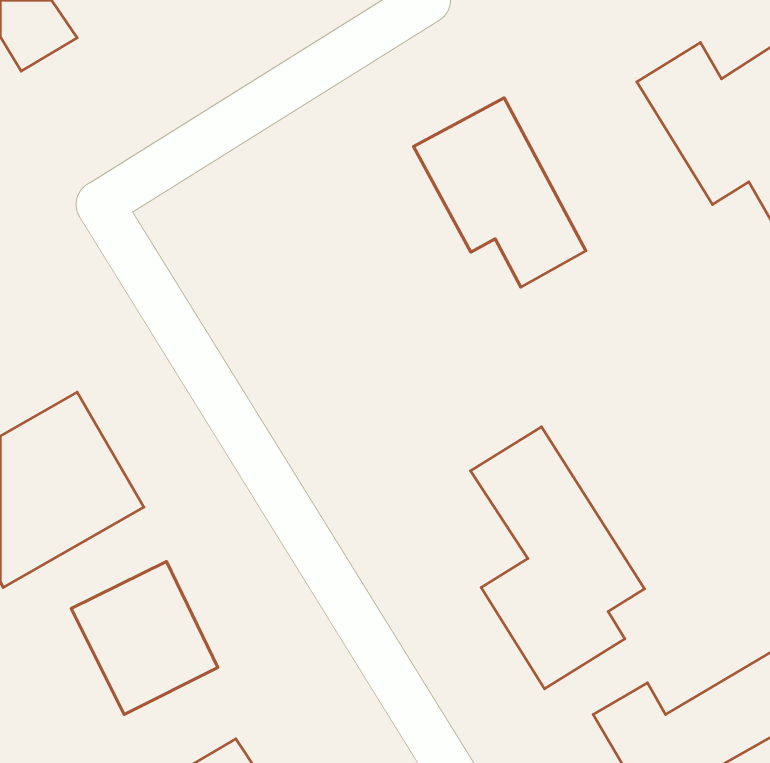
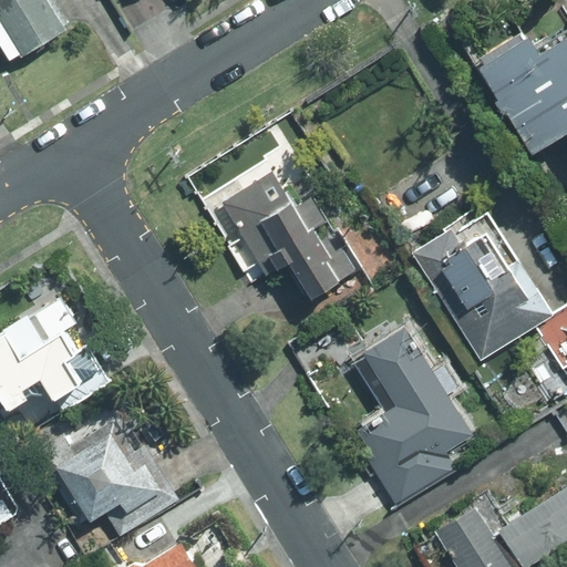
building: [413,98,586,287] -> [226,162,352,300]
building: none -> [405,199,560,367]

